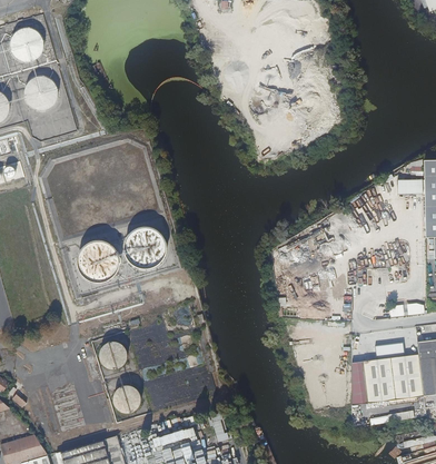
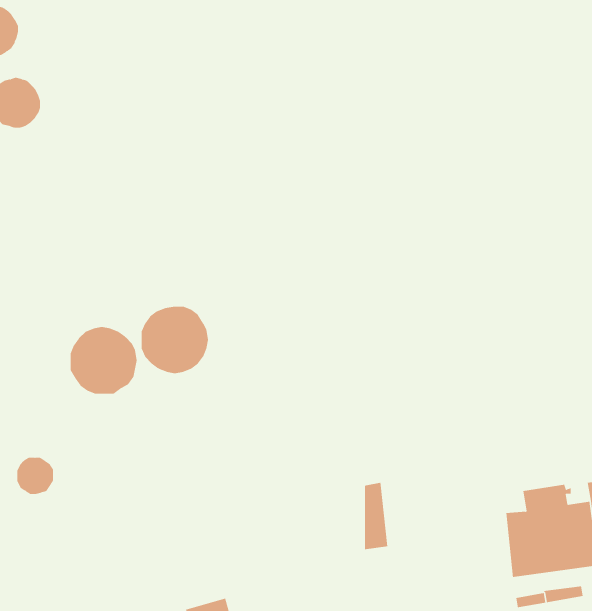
building: [99,340,123,365] -> [16,457,54,495]
building: [351,362,367,406] -> [364,482,388,550]
building: [113,386,138,411] -> none

